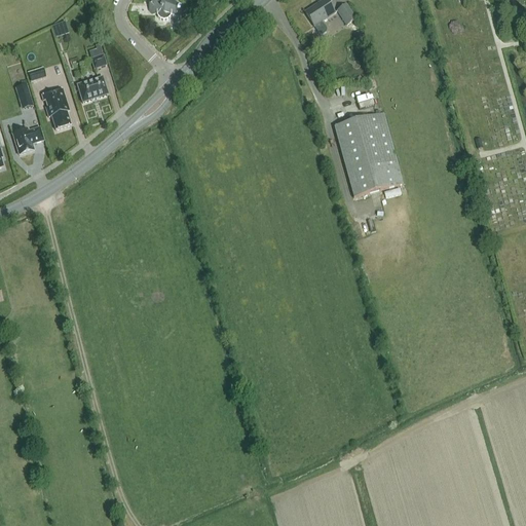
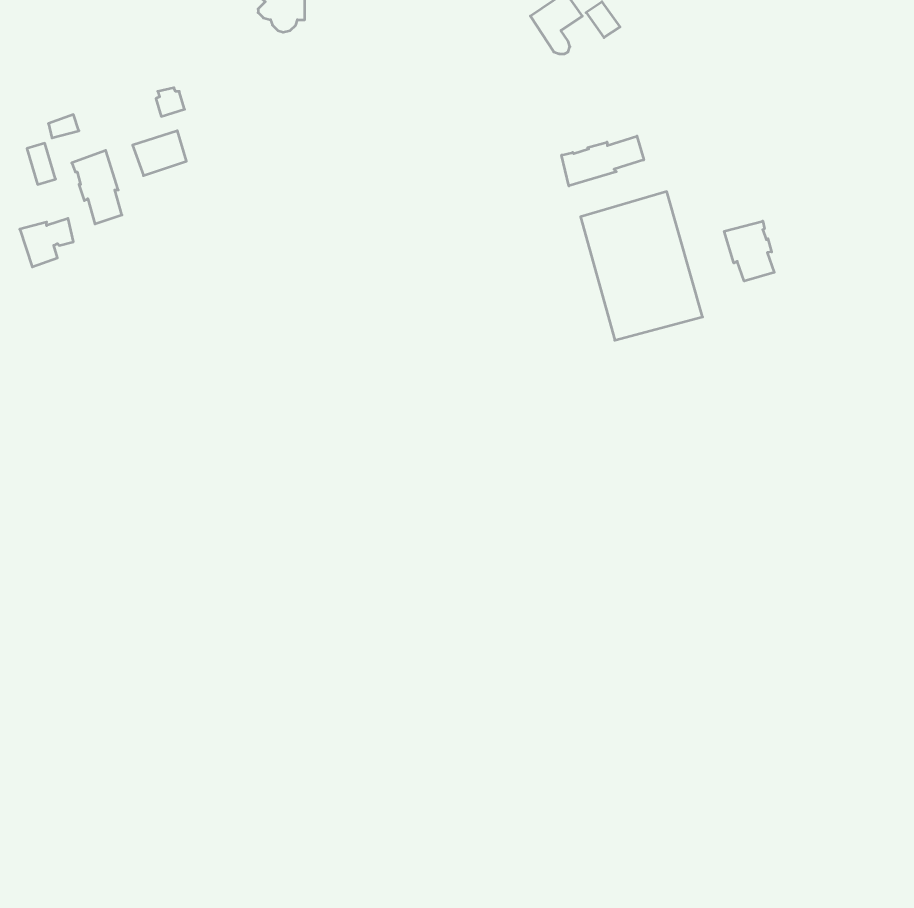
building: none -> [562,136,644,186]
building: none -> [724,221,774,281]

